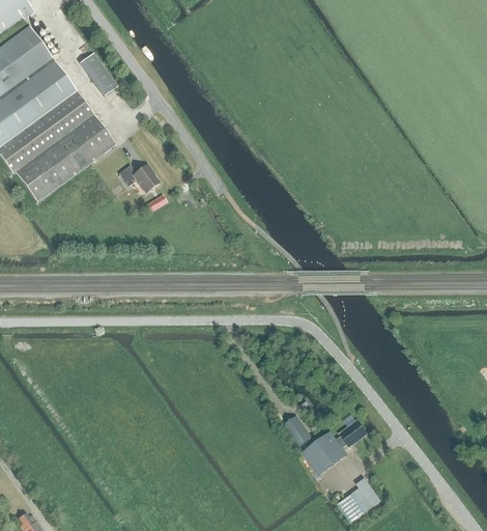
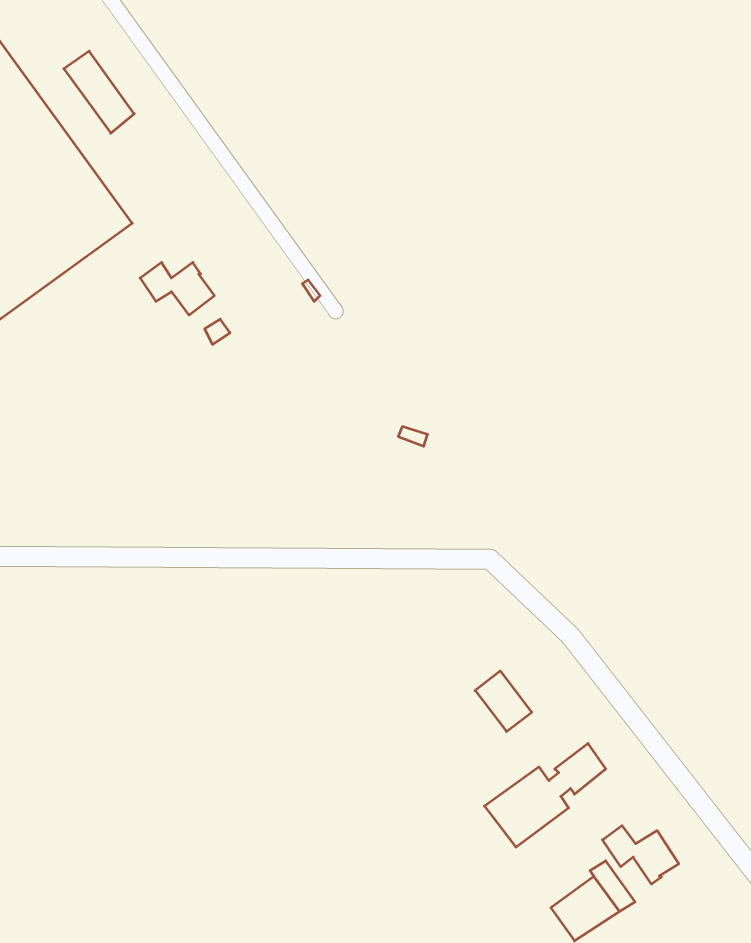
building: [282,415,312,447] -> [475,671,532,732]
building: none -> [602,826,679,884]

